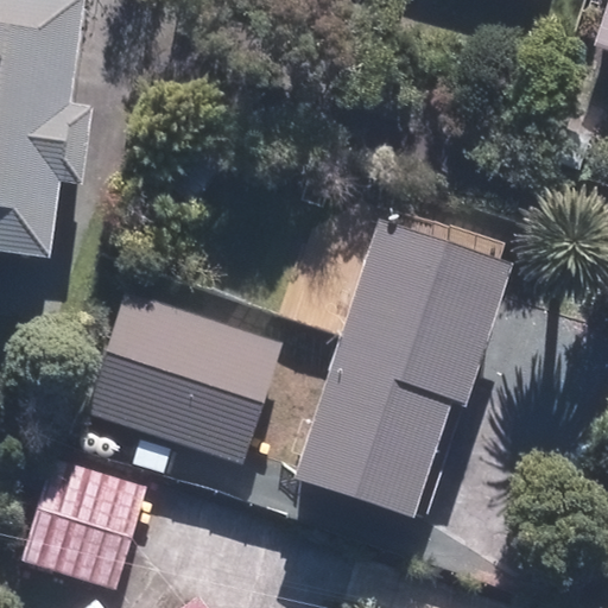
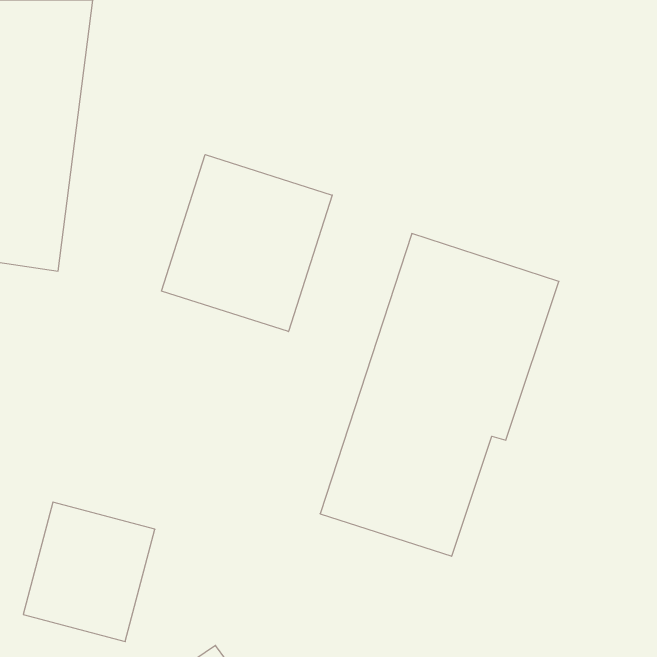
building: none -> [161,155,332,332]
building: [84,292,281,461] -> none

